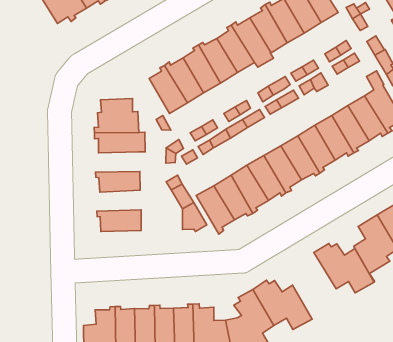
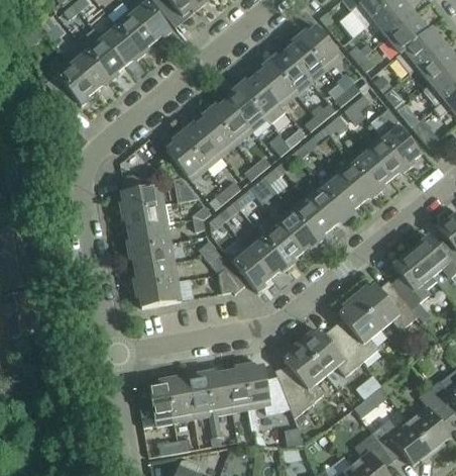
building: none -> [127,223,172,250]
building: none -> [134,261,179,288]
building: none -> [338,296,381,362]

